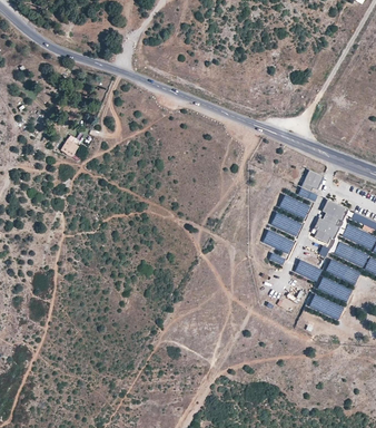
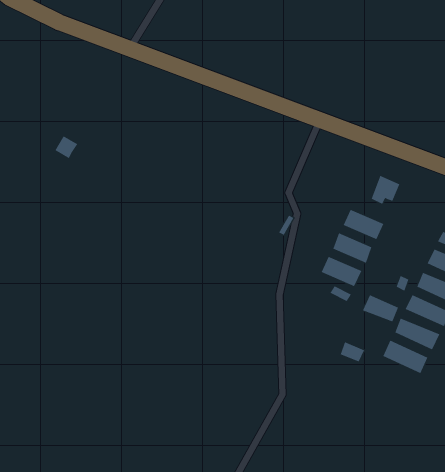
building: [313,201,347,243] -> none

